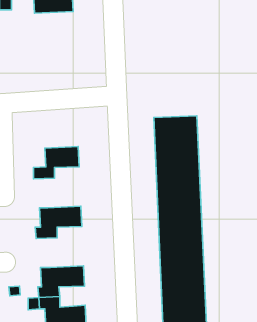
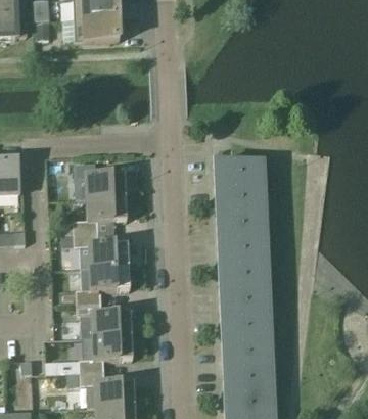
building: none -> [75,160,126,197]
building: none -> [74,231,129,266]
building: none -> [77,300,132,335]

